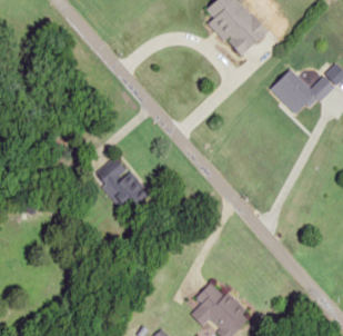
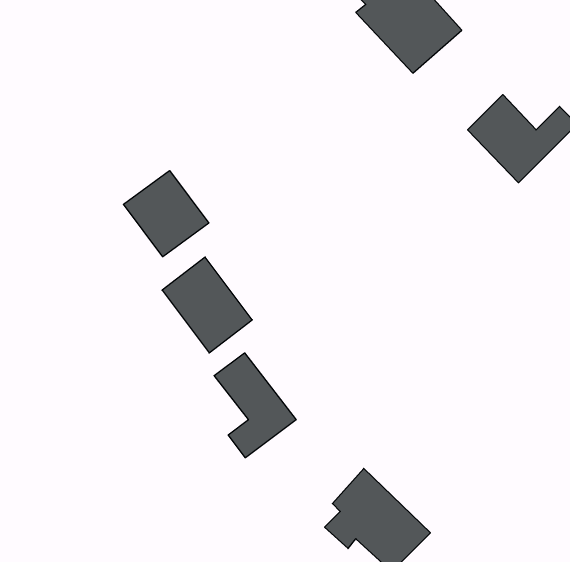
building: none -> [123,171,209,257]
building: none -> [214,353,296,458]

